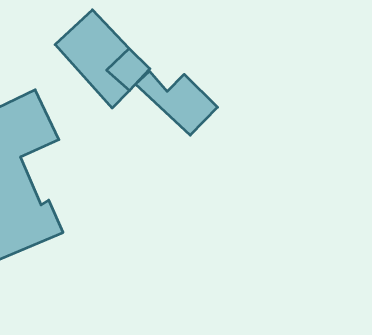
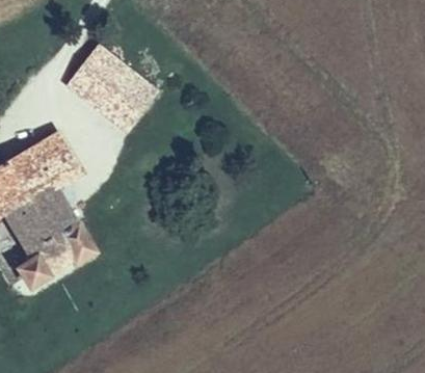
building: [136,71,218,135] -> none

